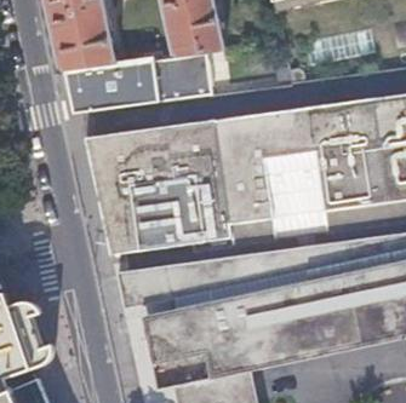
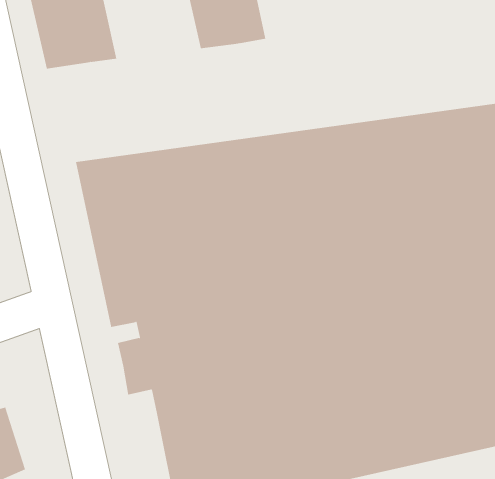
building: [63,52,208,116] -> none

